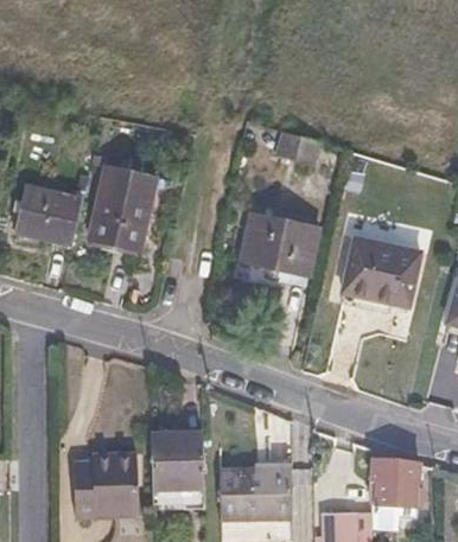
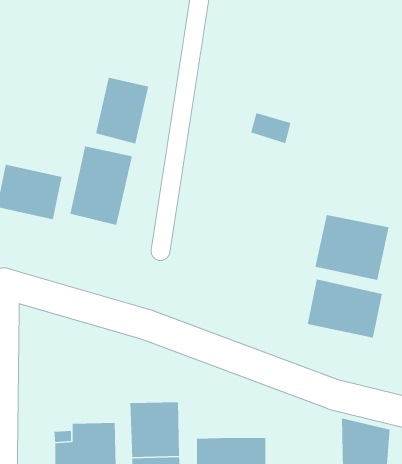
building: none -> [95,77,149,144]
building: [241,213,319,275] -> [307,279,383,338]

